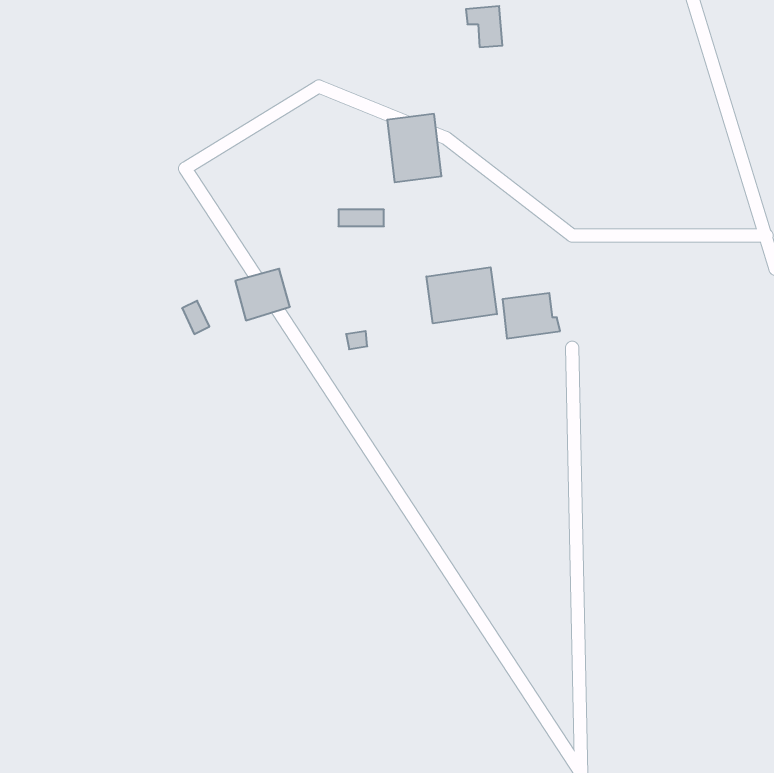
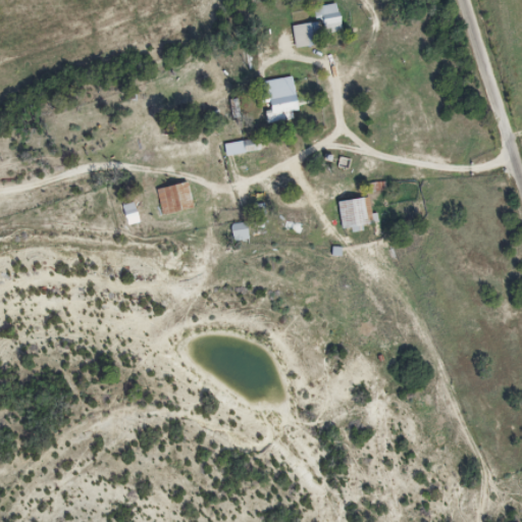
building: none -> [293,21,320,47]
building: [426,267,497,323] -> none

